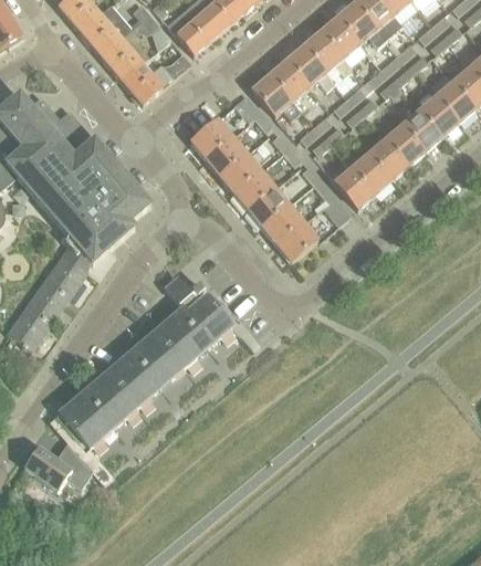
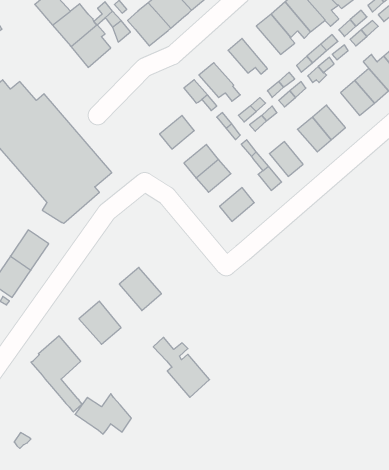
building: [302,31,349,73] -> none
building: [121,54,190,104] -> none
building: [269,60,309,101] -> none
building: [401,109,440,150] -> none
building: [190,118,231,158] -> none
building: [352,153,390,193] -> none
building: [219,154,260,192] -> none
building: [262,205,302,243] -> none
building: [50,248,90,287] -> none
building: [164,275,230,346] -> [153,337,210,397]
building: [134,335,184,386] -> none
building: [86,376,136,426] -> none
building: [24,442,91,490] -> [75,394,131,434]

